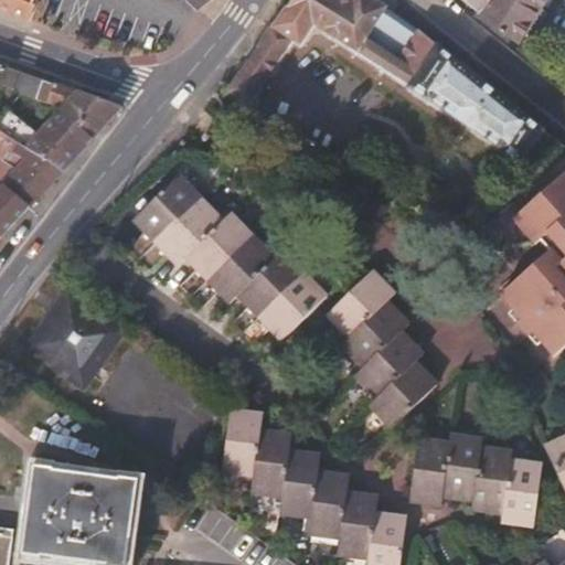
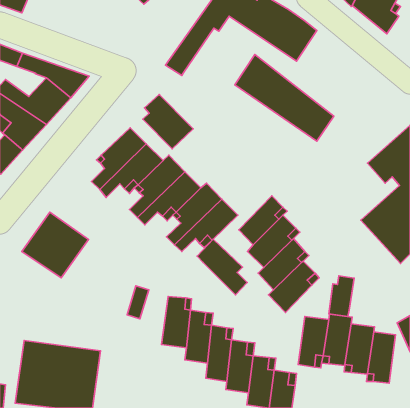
building: [407,42,543,161] -> [235,54,334,141]
building: none -> [143,94,193,149]
building: none -> [197,239,247,295]
building: none -> [329,276,354,317]

